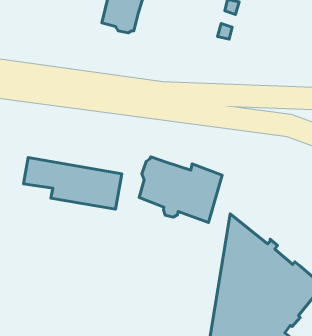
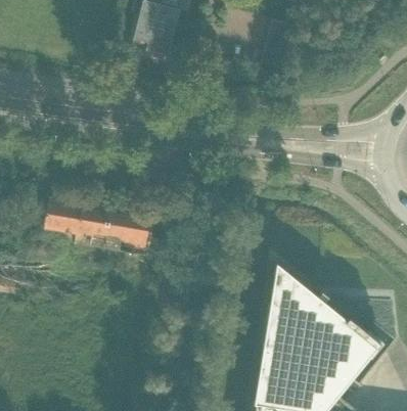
building: [139,157,222,222] -> none

